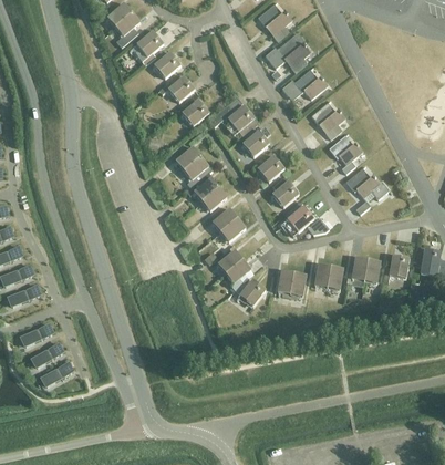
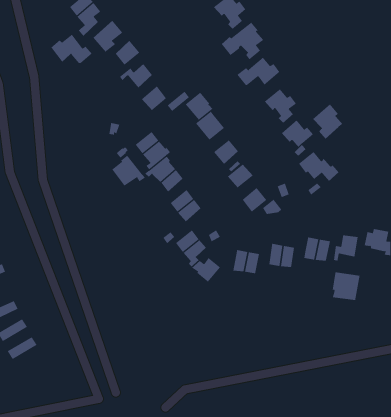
building: none -> [51,34,93,64]
building: none -> [312,104,343,139]
building: none -> [111,155,146,187]
building: none -> [332,272,360,301]

